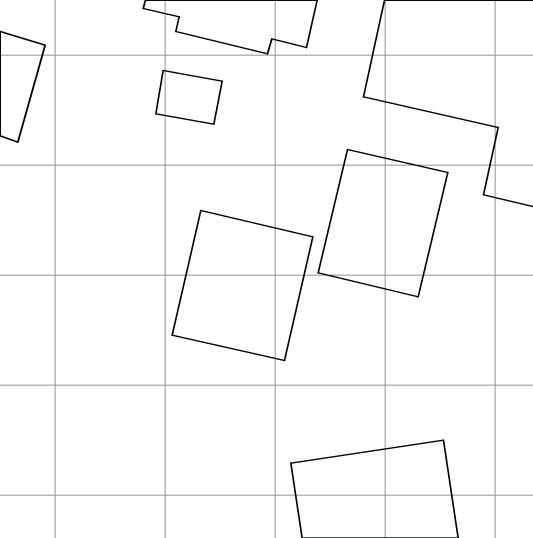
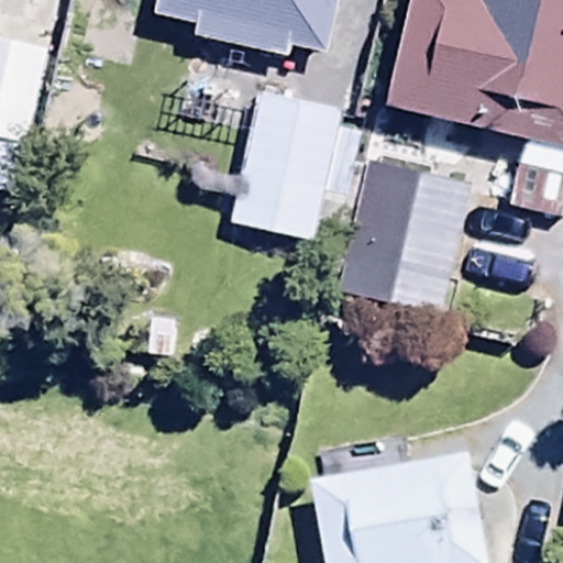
building: none -> [230,88,365,235]
building: [172,211,313,361] -> none

